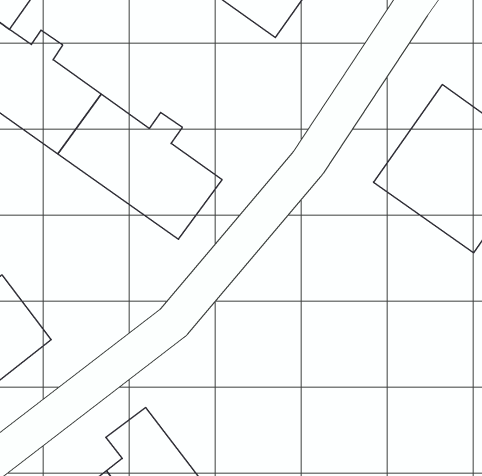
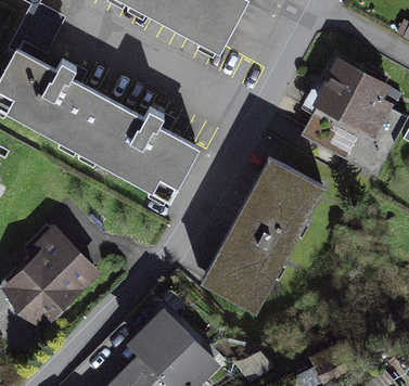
building: none -> [207,162,321,309]

